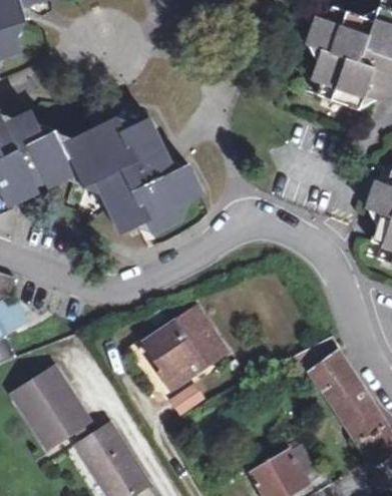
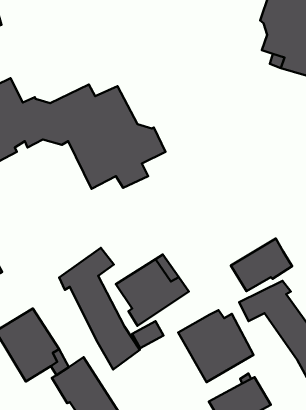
building: none -> [231,238,292,291]
building: none -> [59,248,140,369]
building: none -> [178,310,254,382]

